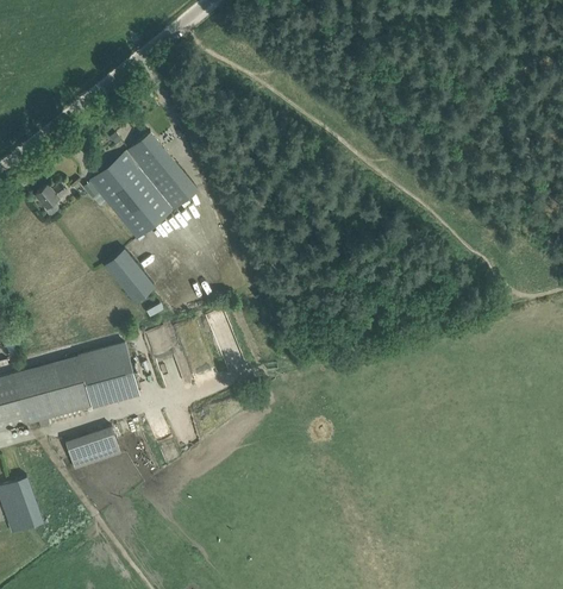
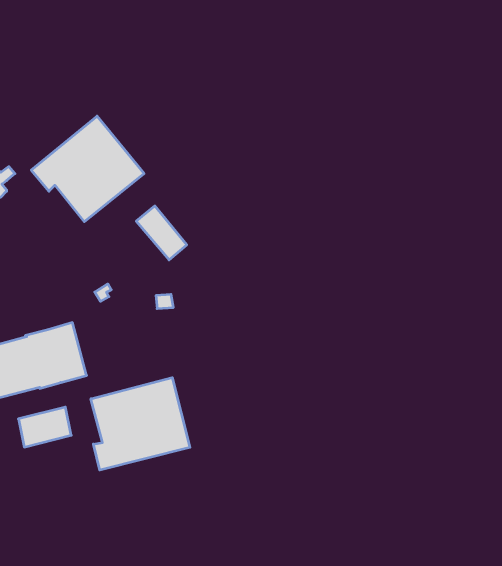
building: [104,250,155,305] -> [136,206,187,260]
building: none -> [91,378,190,470]

